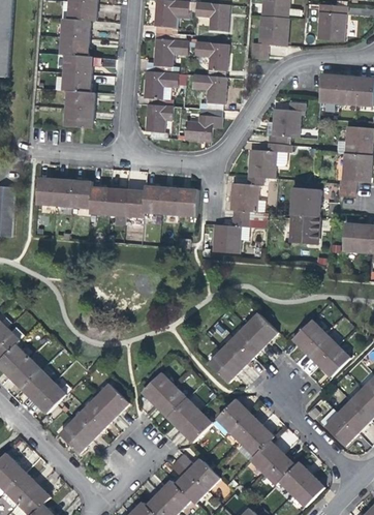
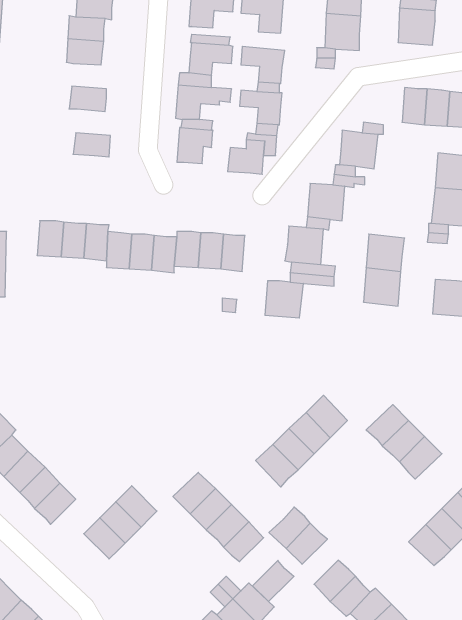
building: [64,56,92,75] -> none
building: [67,91,95,112] -> none
building: [61,421,93,453] -> none
building: [243,425,275,457] -> [253,560,294,602]

